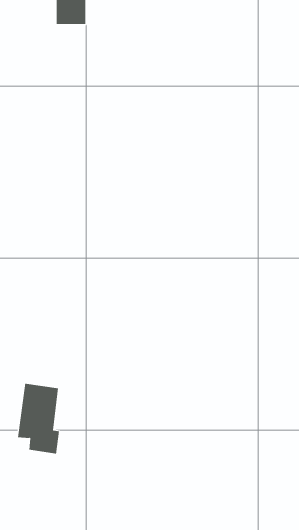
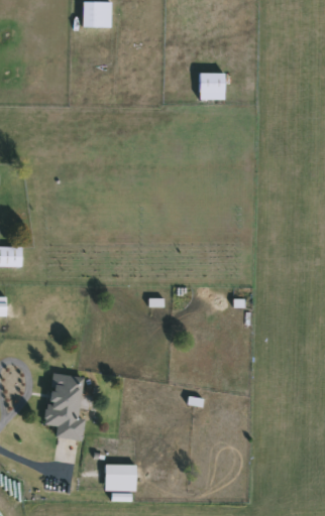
building: none -> [198,74,225,101]
building: none -> [105,465,136,492]

